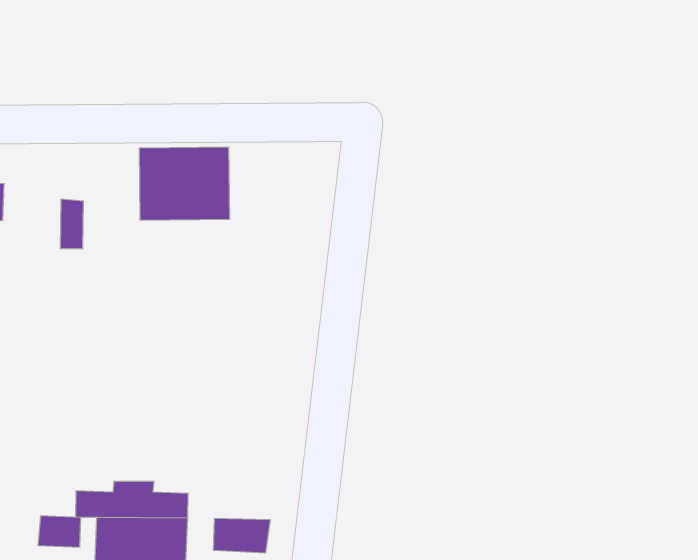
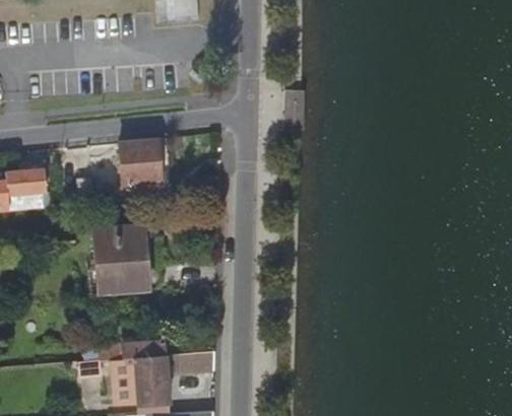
building: none -> [92,227,148,294]

